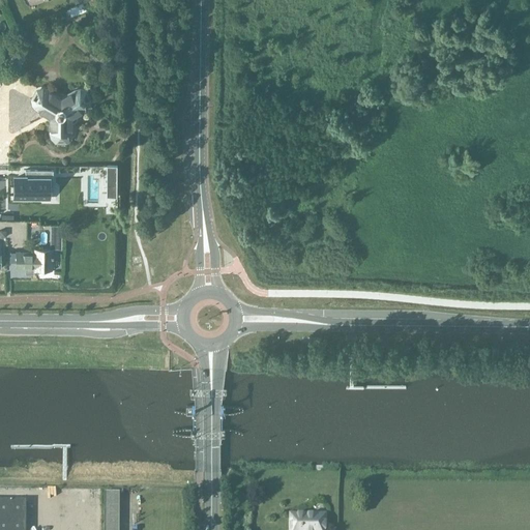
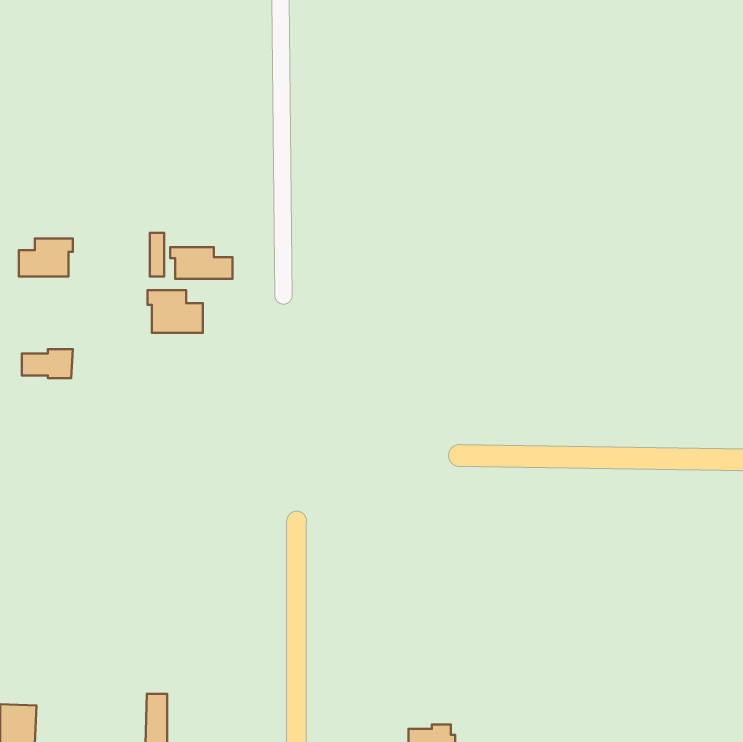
building: [34,91,89,143] -> none
building: none -> [170,247,233,279]
building: none -> [147,290,203,333]

